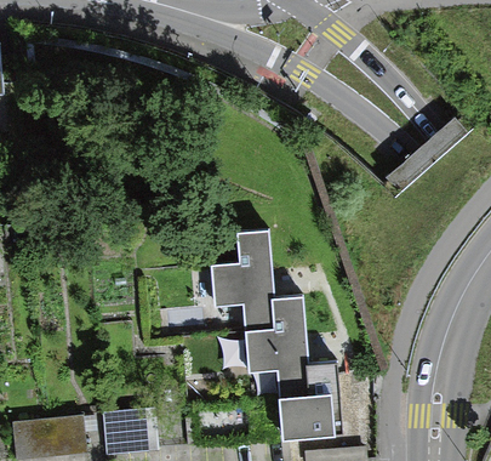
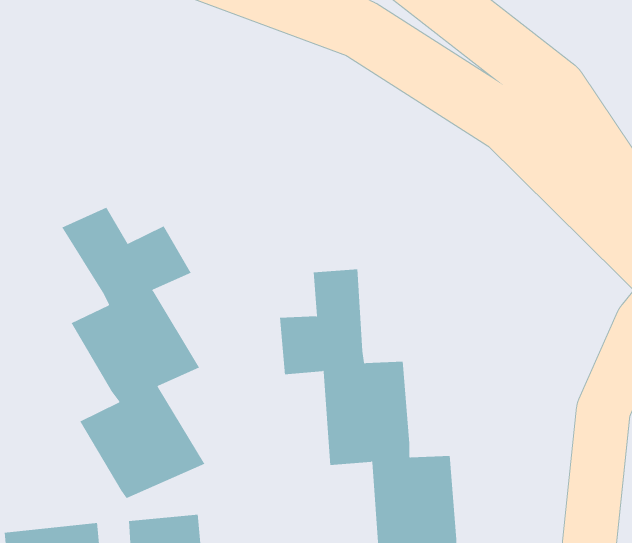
building: none -> [62,207,205,499]

